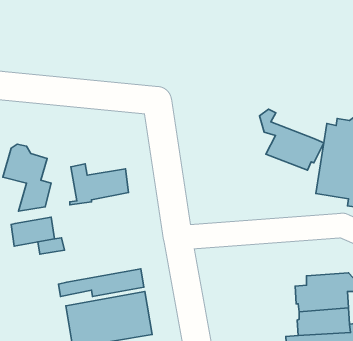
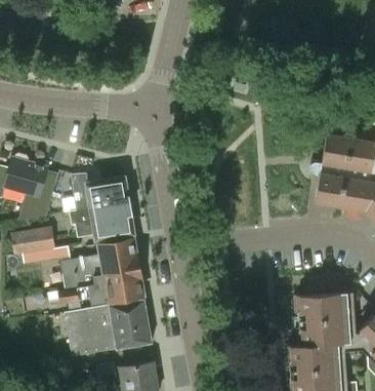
building: [259,109,324,170] -> none
building: none -> [71,202,135,241]
building: none -> [62,240,141,291]

